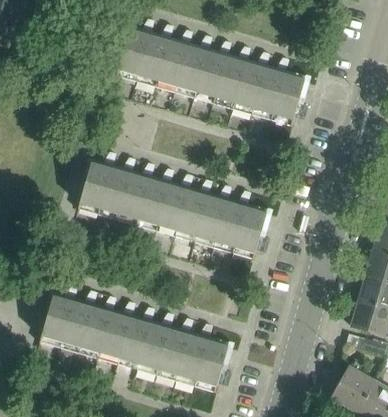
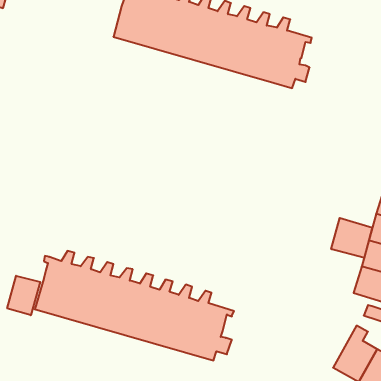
building: [77,153,272,260] -> none
building: none -> [331,218,372,258]
building: none -> [7,276,40,315]

